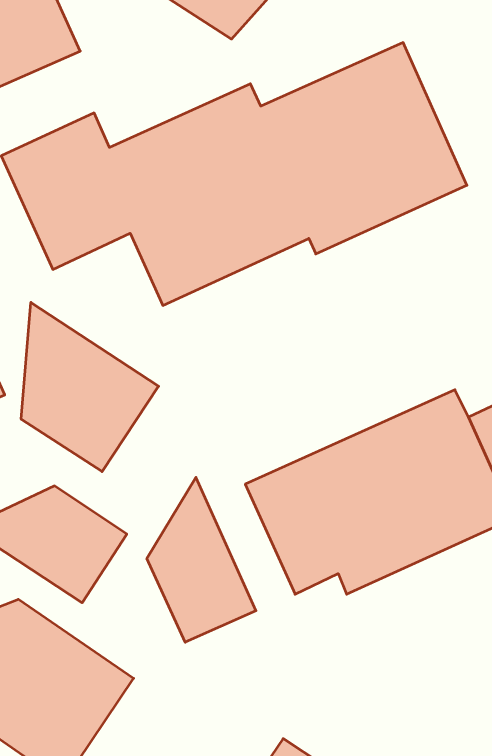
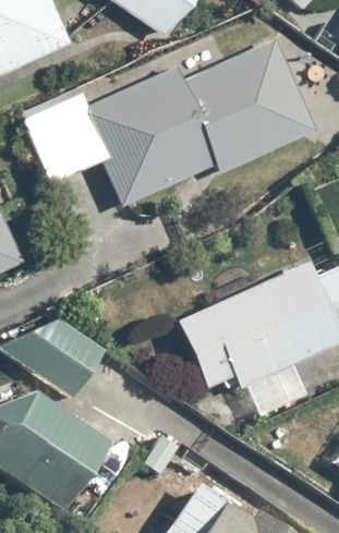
building: [21,302,159,472] -> none
building: [147,477,256,642] -> none

